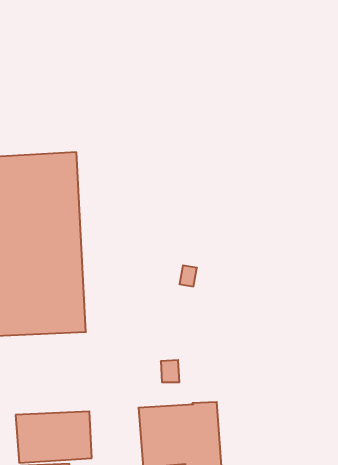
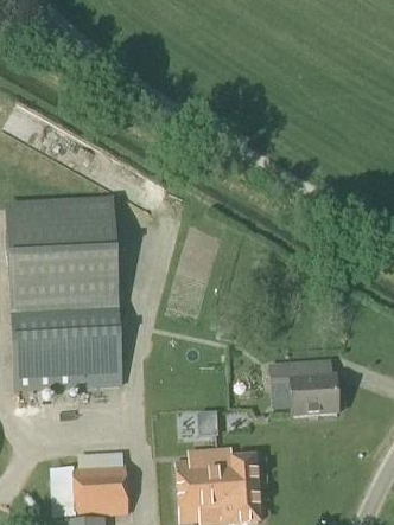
building: none -> [271,361,338,412]

